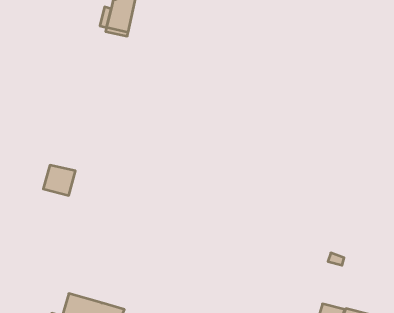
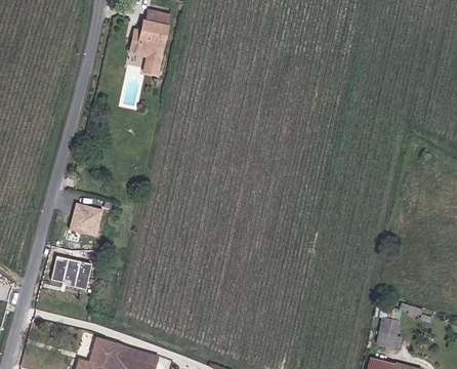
building: none -> [54,256,94,288]
building: none -> [377,312,397,339]

